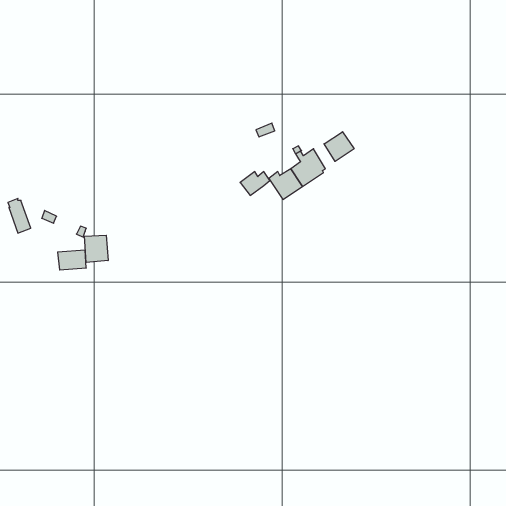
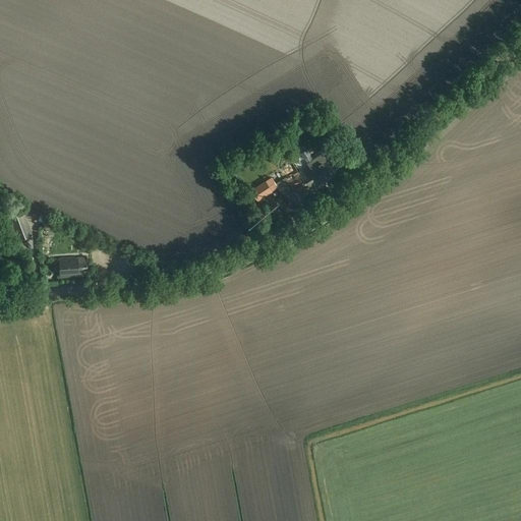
building: [324,132,354,161] -> none
building: [84,235,108,262] -> none

